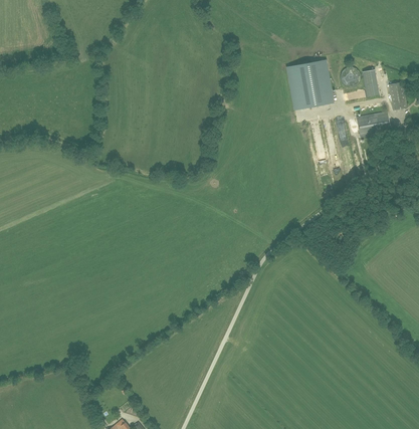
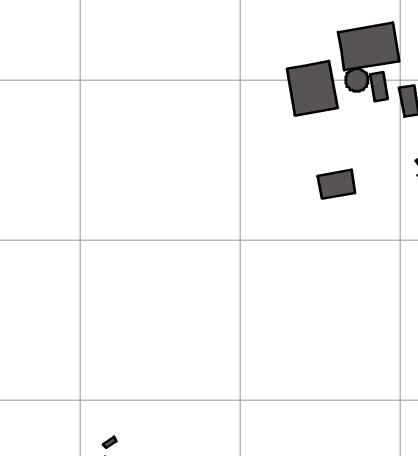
building: none -> [338,22,399,70]
building: [356,111,390,137] -> [317,170,355,198]

